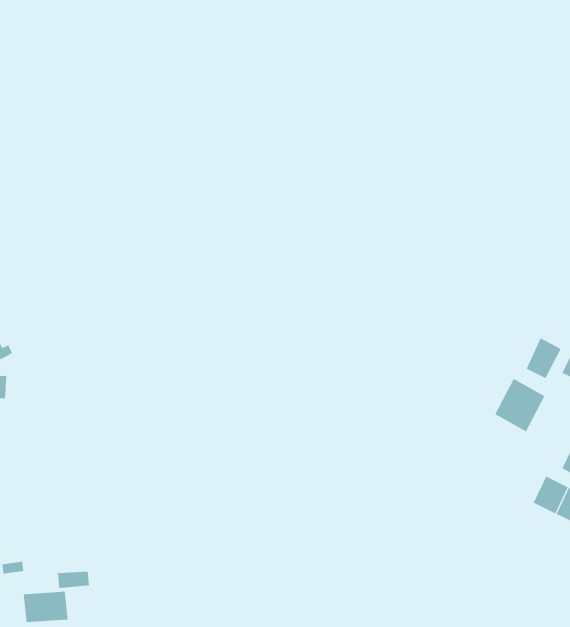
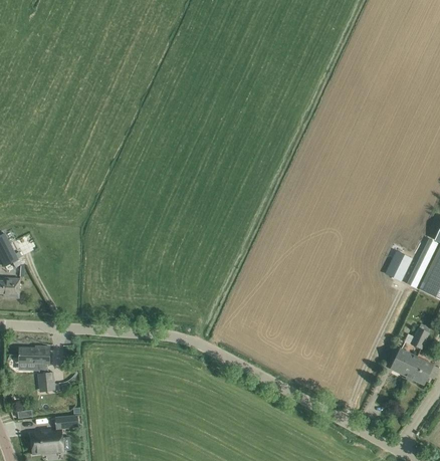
building: [495,378,545,432] -> none
building: none -> [19,348,54,384]

